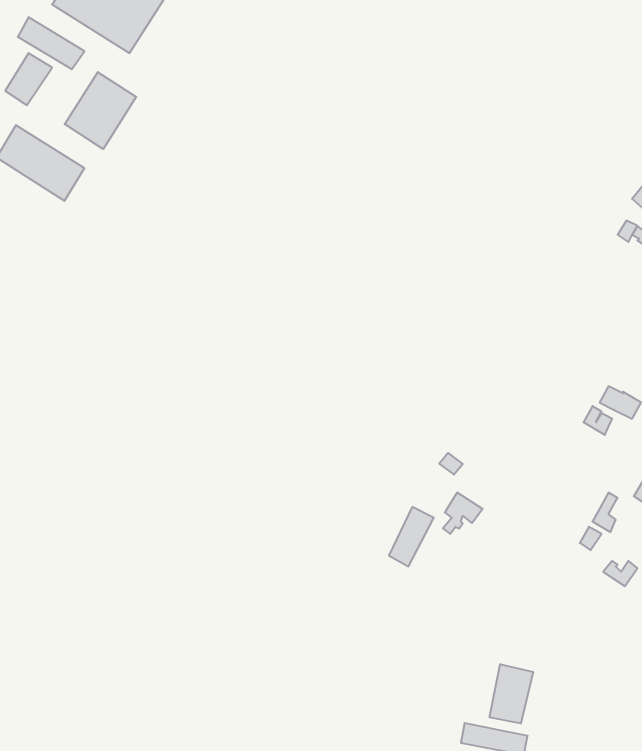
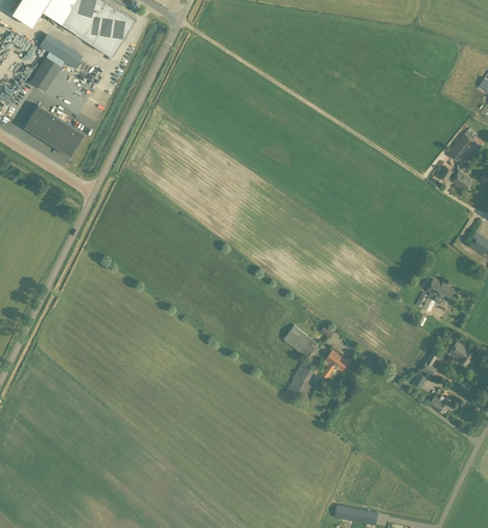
building: [65,72,136,149] -> none
building: none -> [282,325,317,357]
building: [490,664,533,724] -> none

